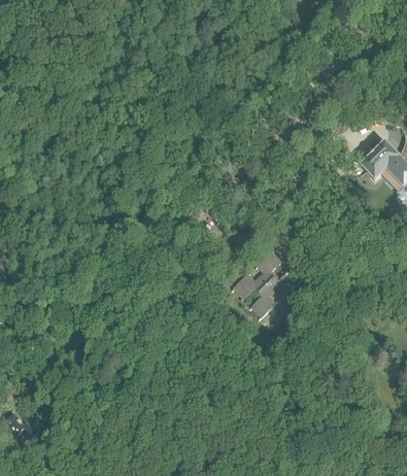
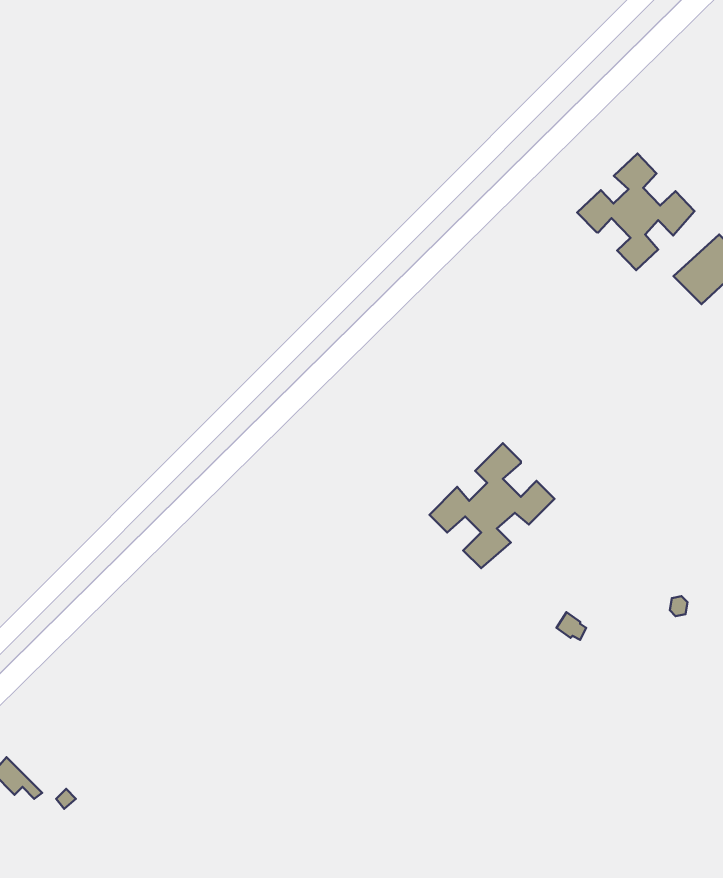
building: none -> [577,154,694,270]

